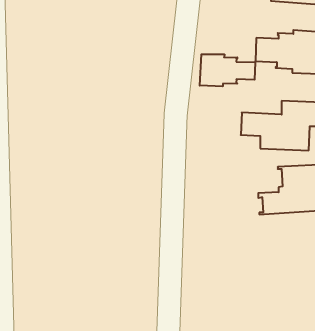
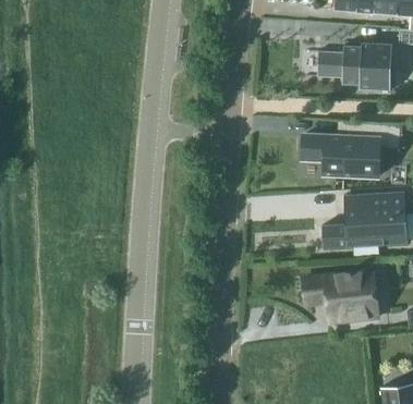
building: [200,54,255,86] -> none
building: none -> [302,270,378,322]

